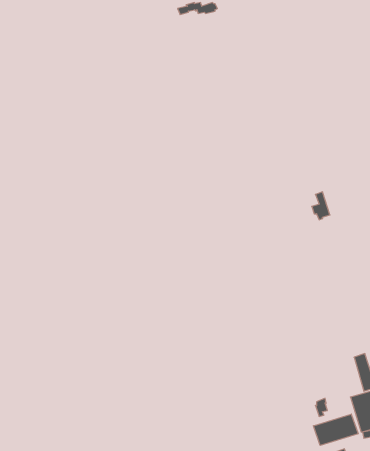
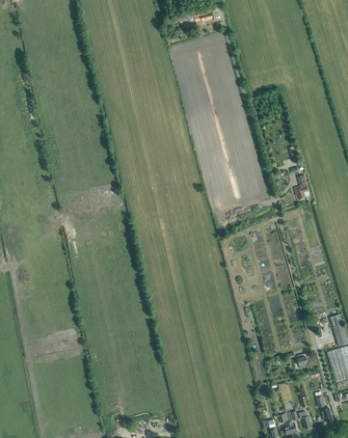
building: [313,414,358,445] -> none

